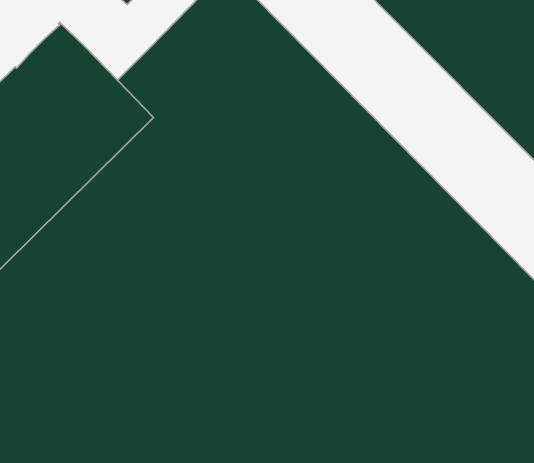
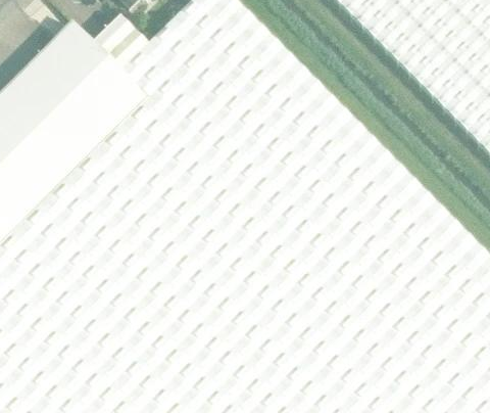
building: none -> [94,17,149,74]

